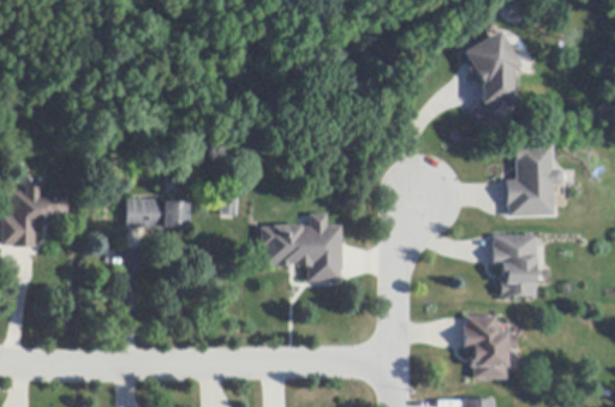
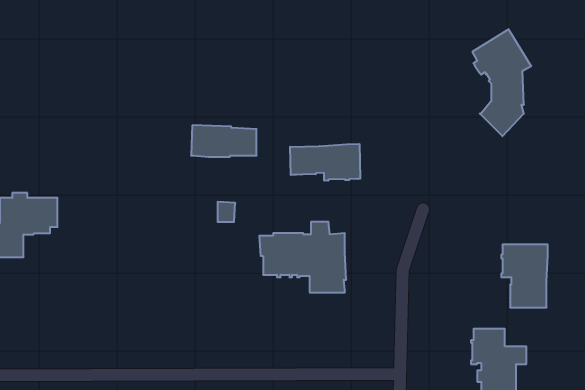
building: none -> [290,144,360,181]
building: [506,143,563,215] -> none
building: [127,197,190,227] -> [191,125,257,157]

